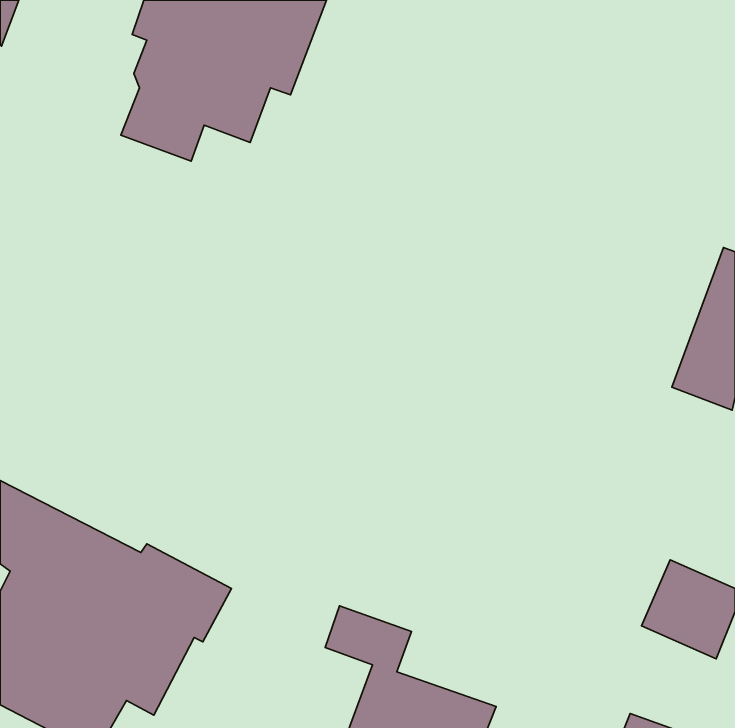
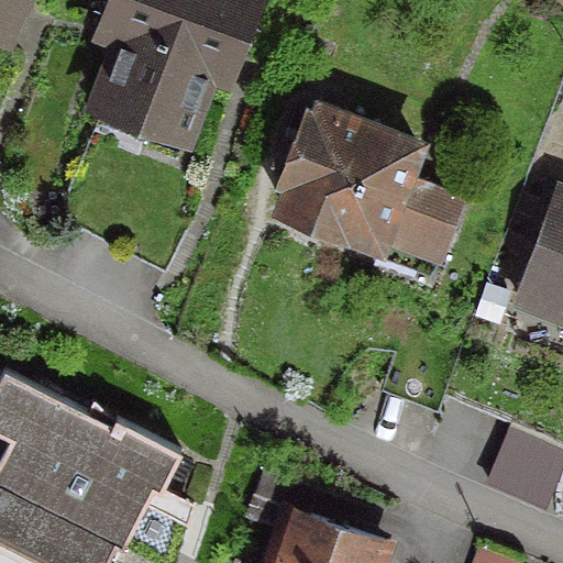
building: none -> [271,112,457,252]

